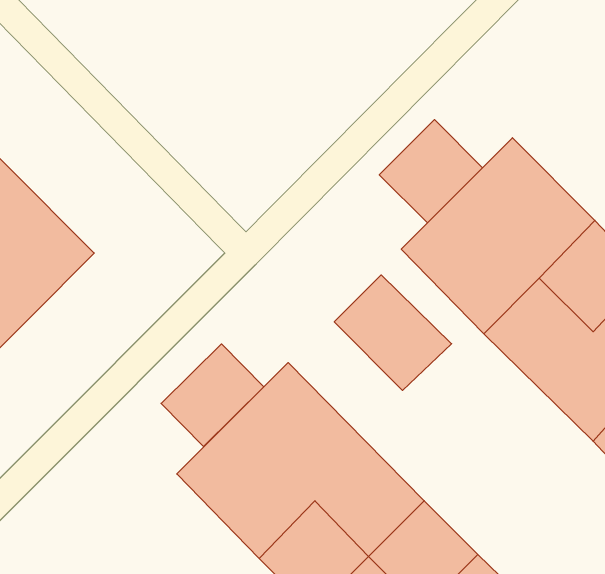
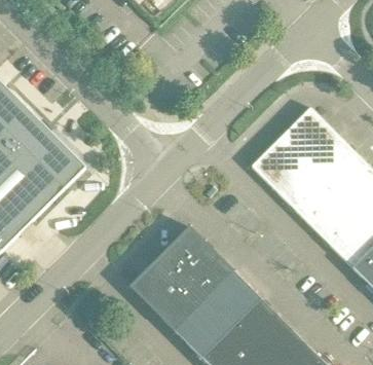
building: [379,120,483,223] -> none
building: [334,275,452,390] -> none
building: [161,344,264,446] -> none

